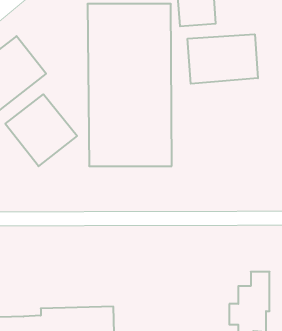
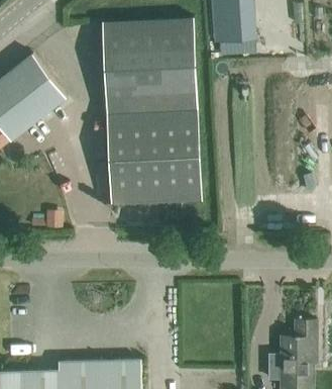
building: [188,34,258,84] -> none
building: [5,94,77,166] -> none

